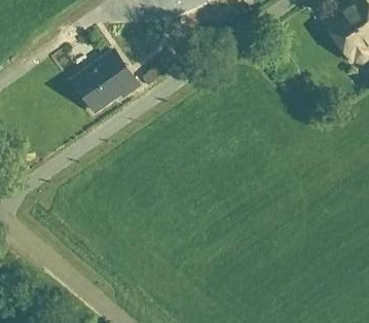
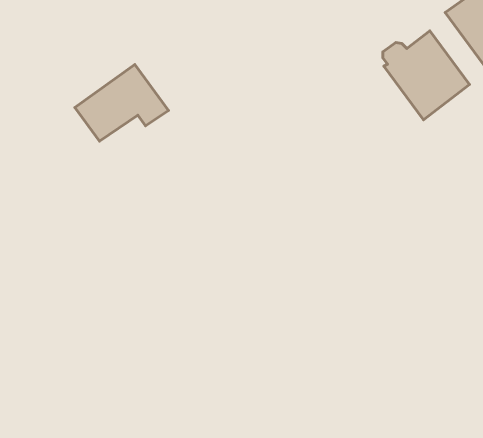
building: none -> [383,31,470,120]

